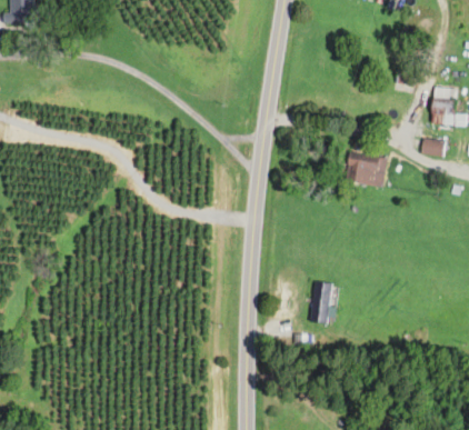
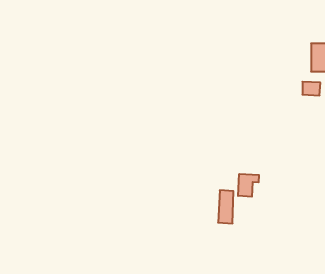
building: [343,152,388,188] -> none
building: none -> [238,174,259,197]

